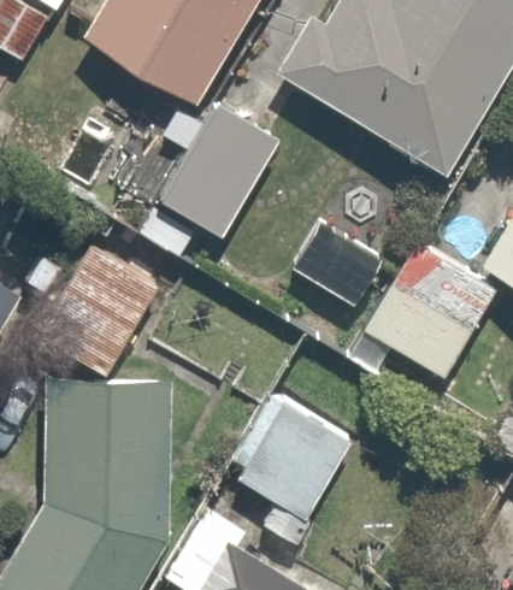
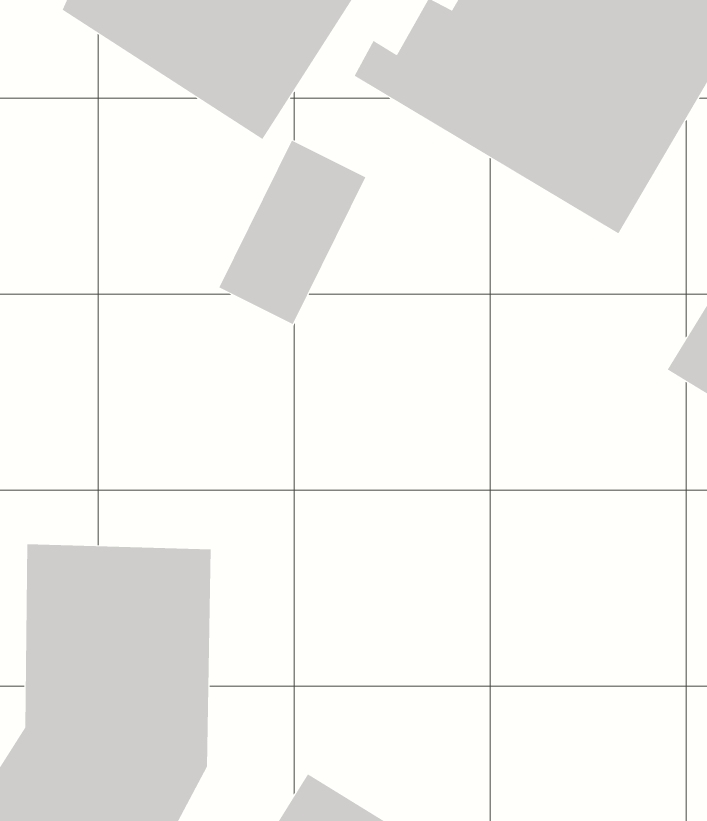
building: [37,243,173,379] -> none
building: [367,252,490,376] -> none
building: [230,399,361,523] -> none

